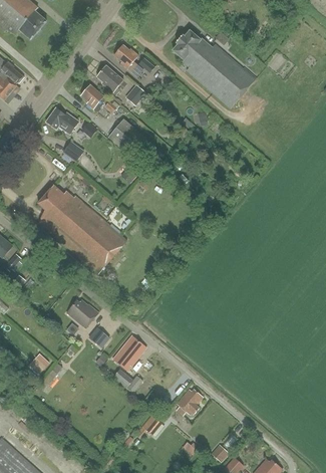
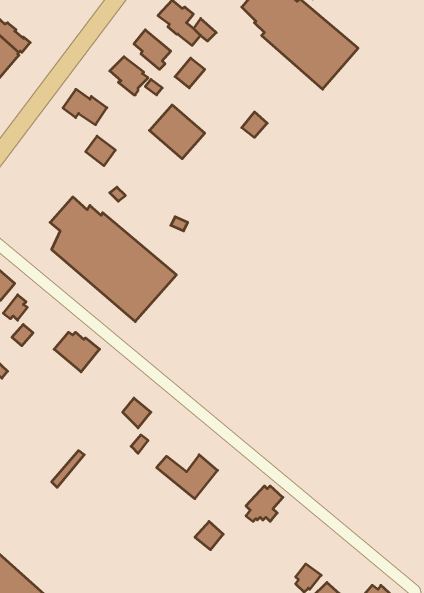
building: [66,299,98,327] -> [54,332,100,372]
building: [112,334,146,370] -> none

